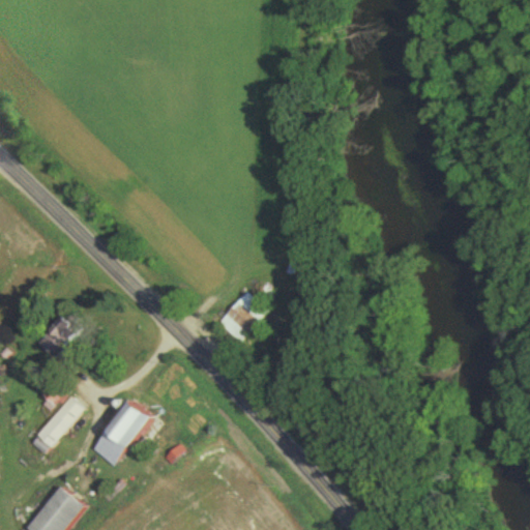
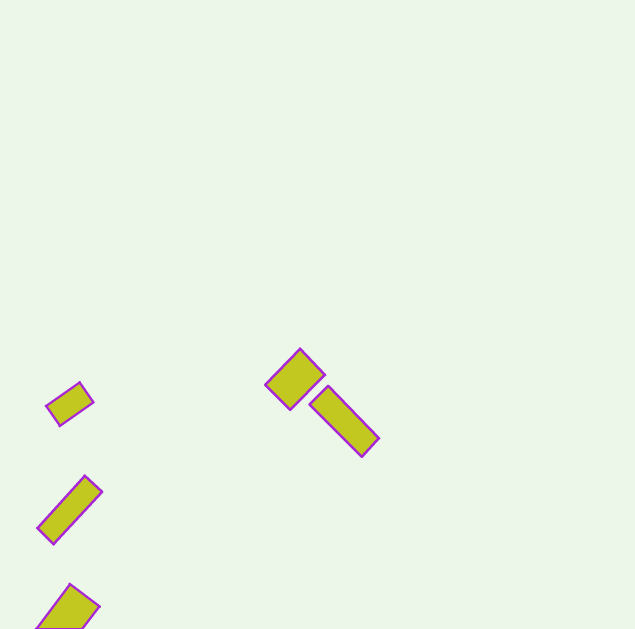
building: none -> [310,386,379,457]
building: [93,399,150,465] -> none

